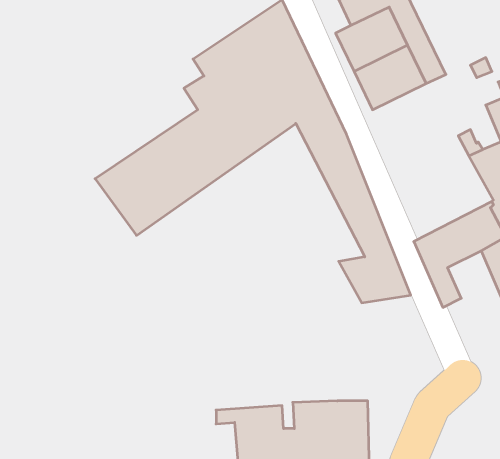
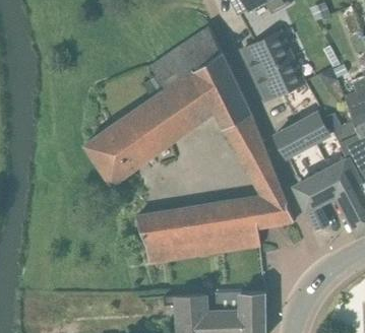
building: none -> [276,113,330,156]
building: none -> [136,199,261,263]

